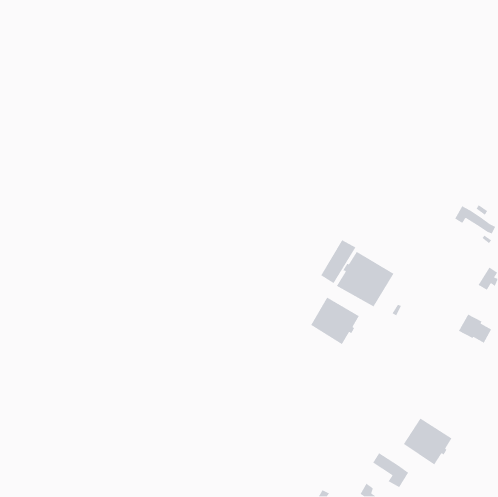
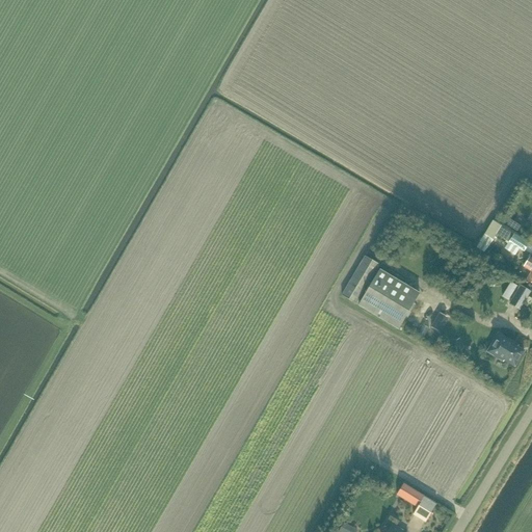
building: [310,297,360,345] -> none
building: [403,417,452,466] -> none

